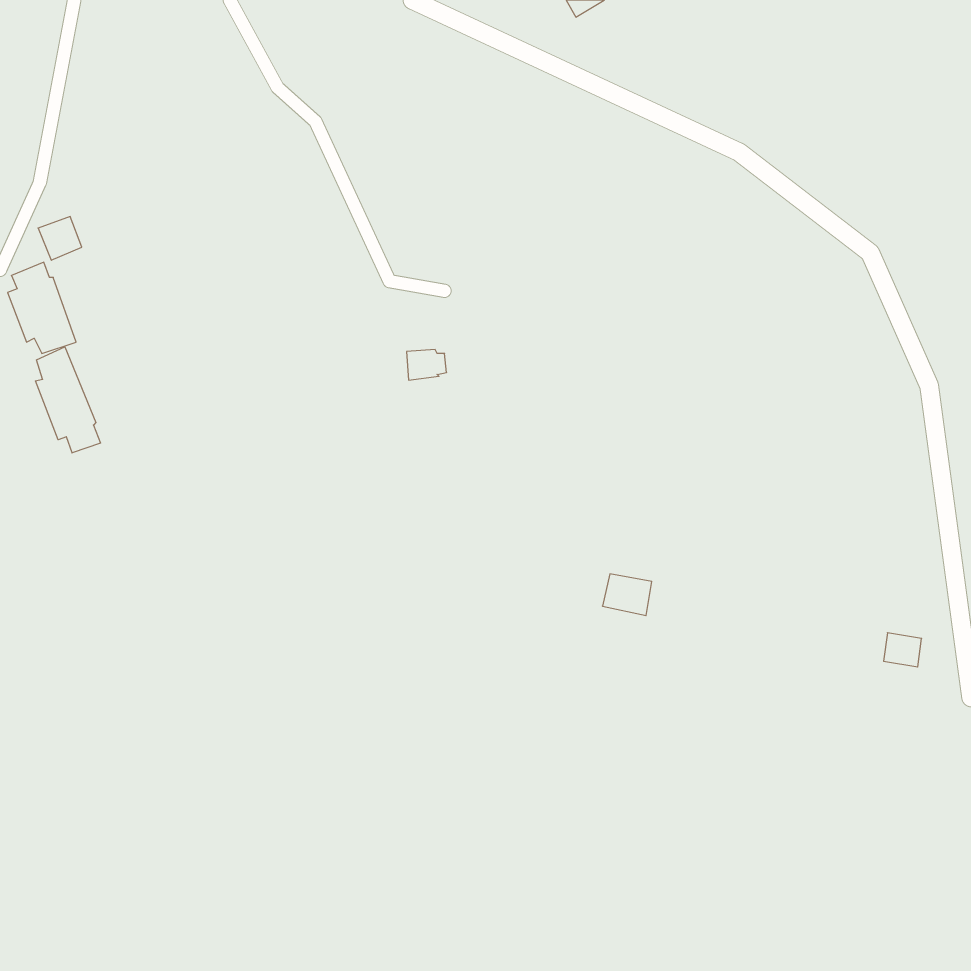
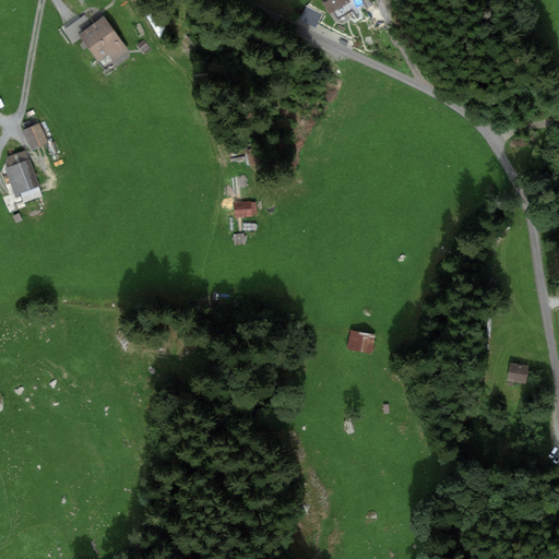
building: none -> [78,15,129,62]
building: [35,347,101,453] -> none

